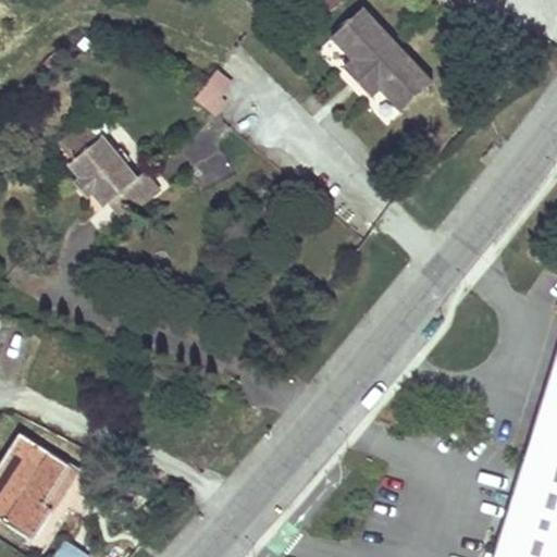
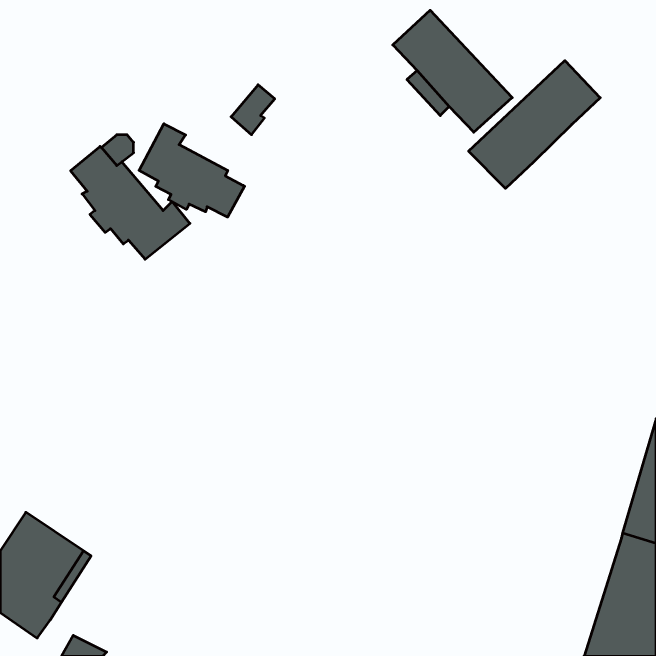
building: none -> [469,61,600,188]
building: none -> [139,124,245,217]

